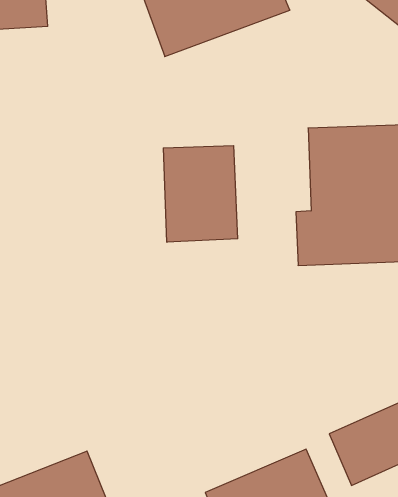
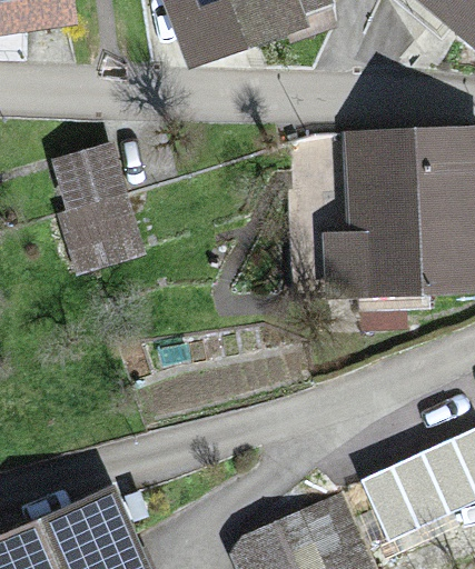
building: none -> [44,158,132,278]
building: [163,146,238,242] -> none

